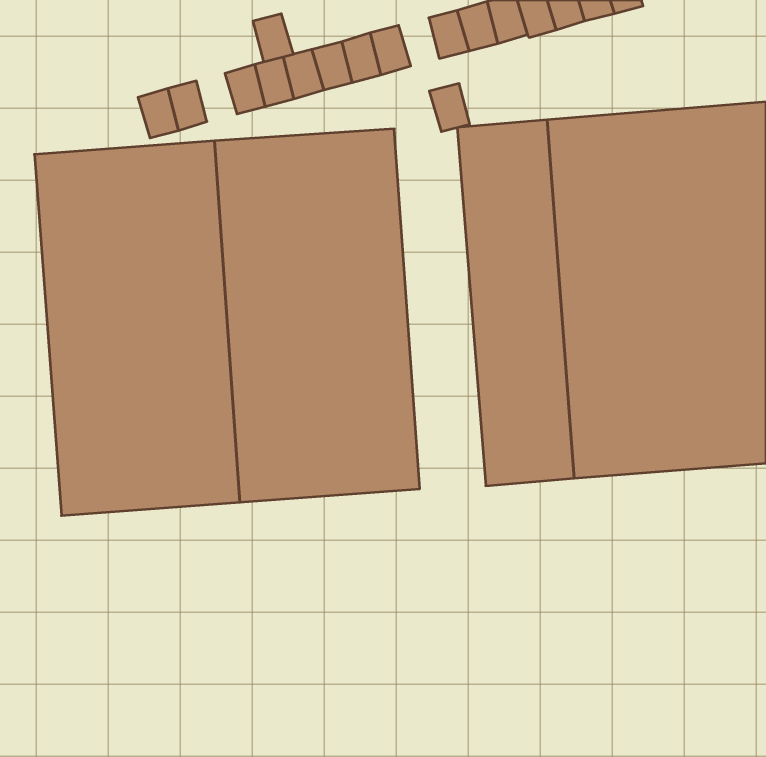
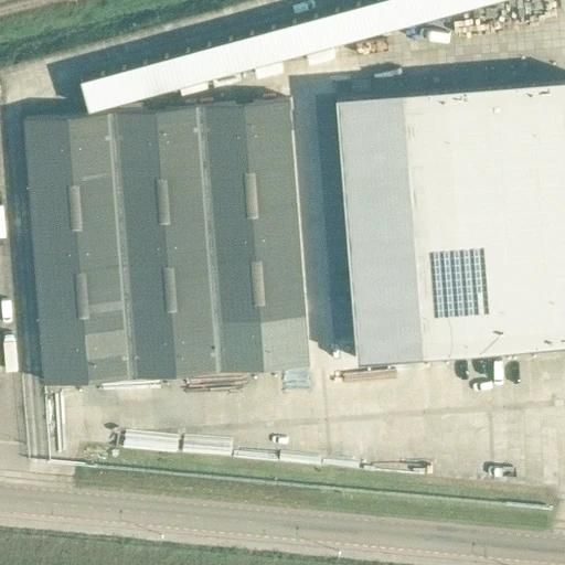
building: [253,14,293,62] -> [145,61,174,96]
building: [429,84,470,132] -> [294,20,323,55]
building: none -> [81,78,110,114]

